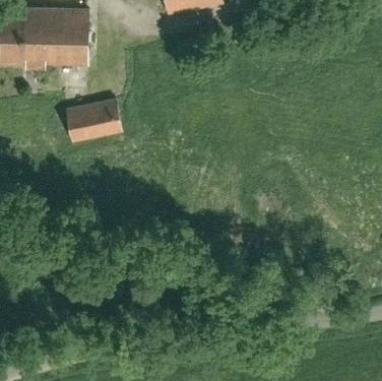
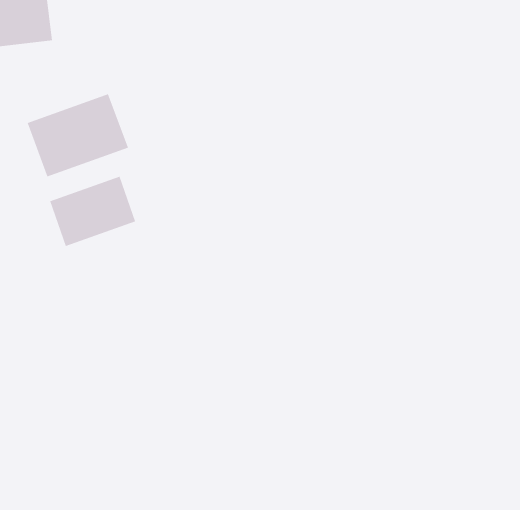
building: none -> [49,176,136,247]

